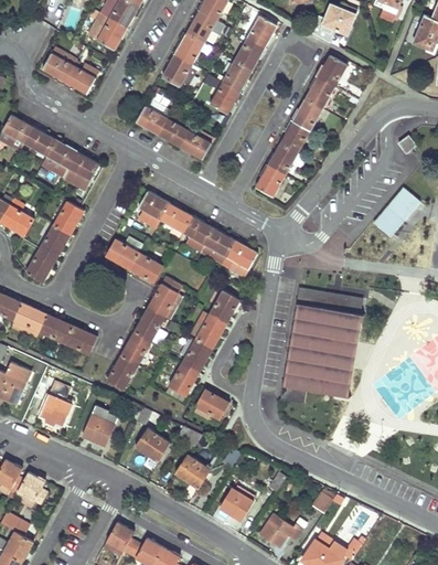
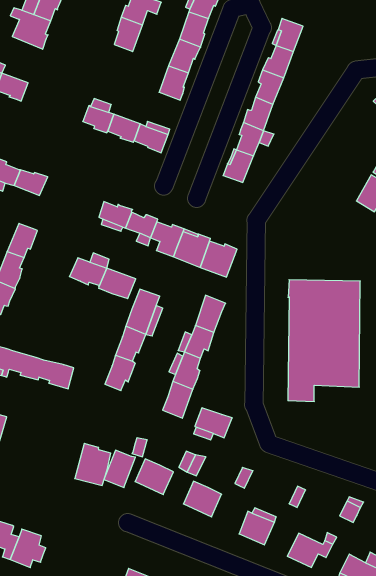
building: [162,56,195,90] -> none
building: [107,356,138,391] -> [104,450,135,488]
building: [39,384,71,425] -> none

